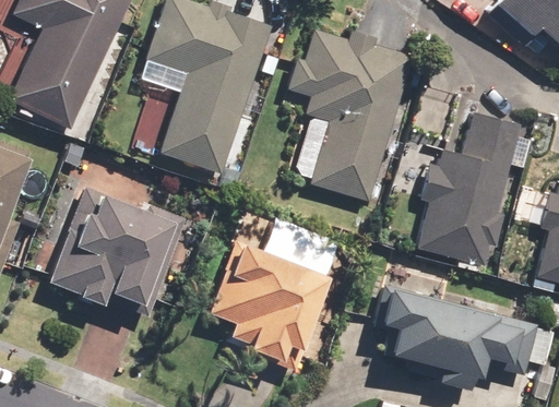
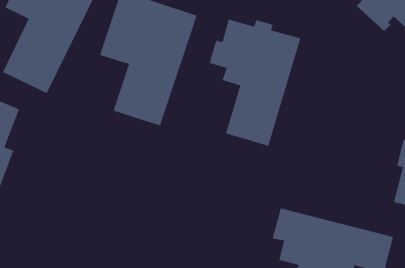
building: [416,112,520,266] -> none
building: [45,185,187,322] -> none
building: [207,241,329,361] -> none

